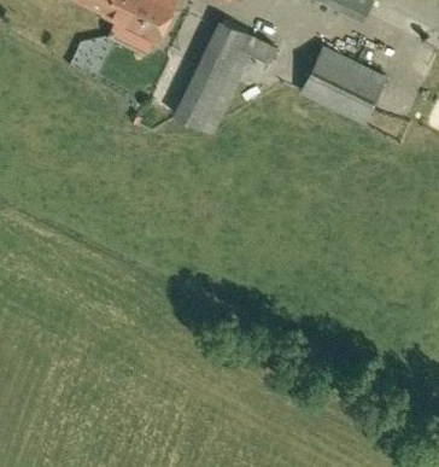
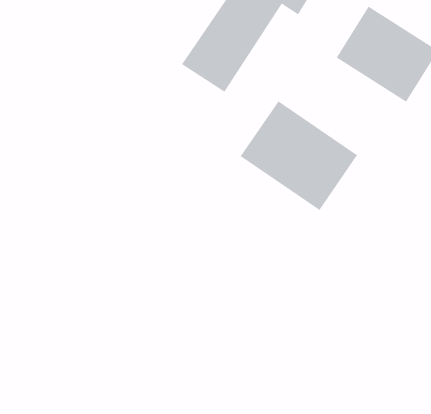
building: none -> [240,101,358,211]

